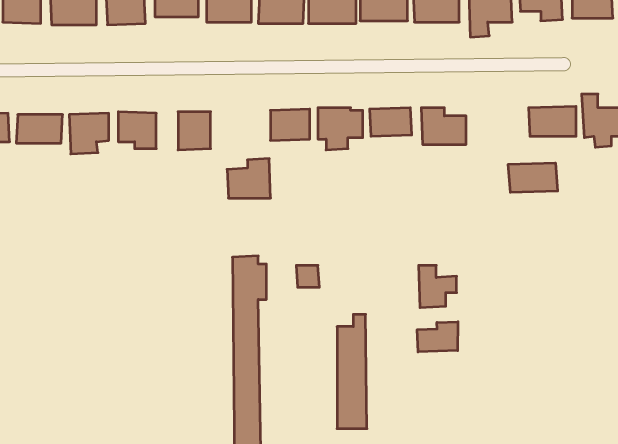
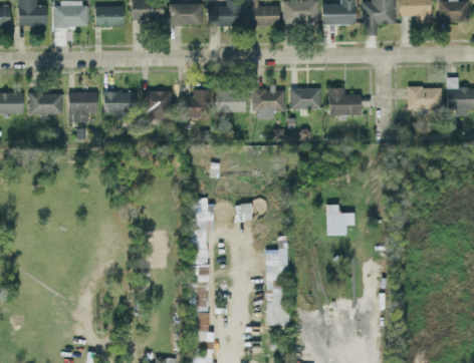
building: [227,159,271,198] -> [179,89,211,118]
building: [508,163,558,192] -> none
building: [417,322,458,352] -> none

